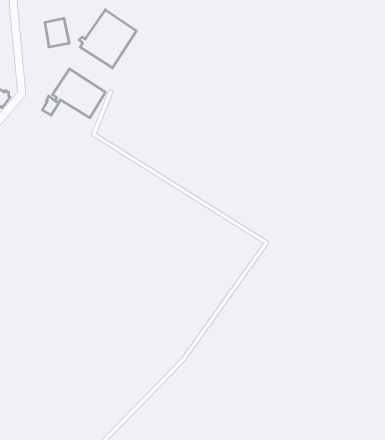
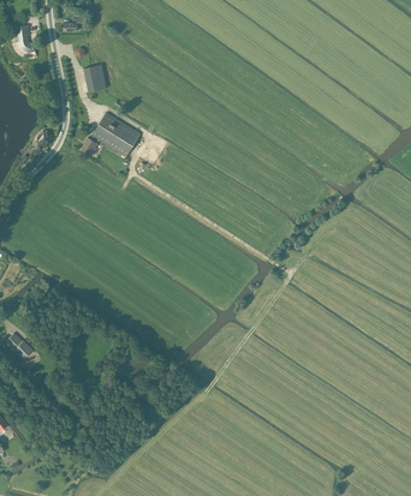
building: [79,10,136,68] -> none

